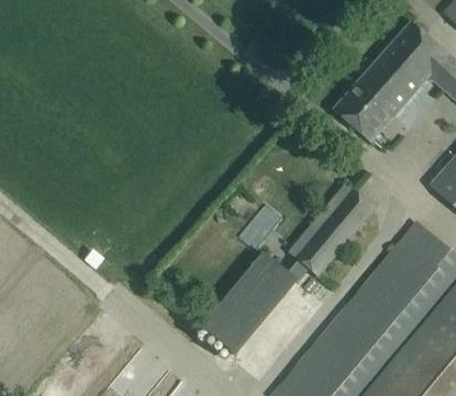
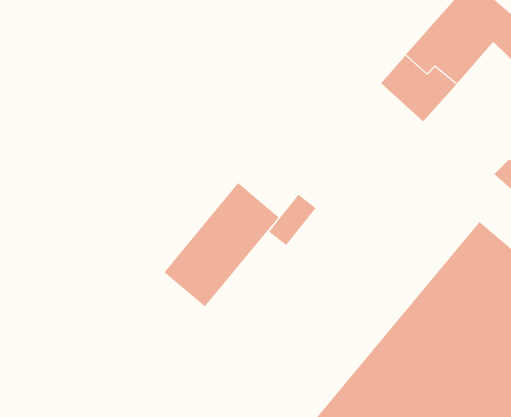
building: [298,186,371,270] -> none
building: [201,249,299,354] -> [164,182,279,307]

